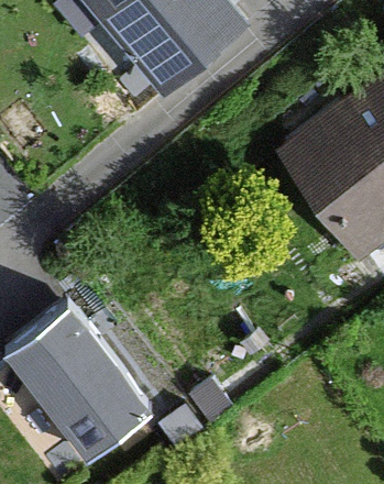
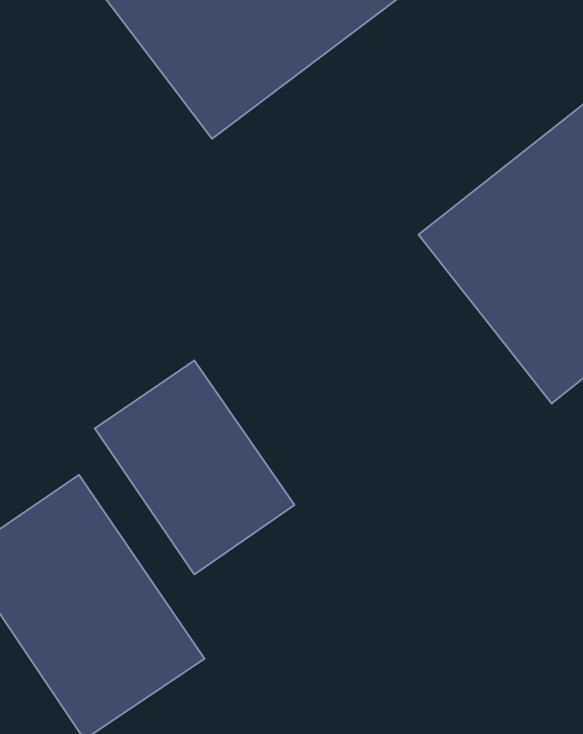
building: none -> [95,360,294,574]

